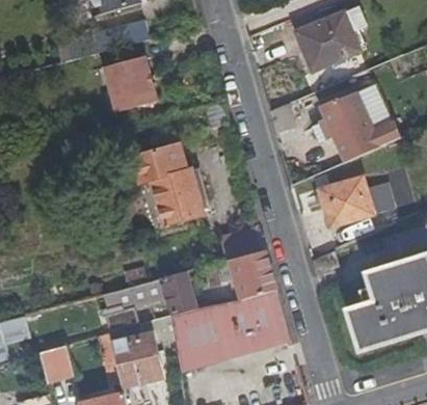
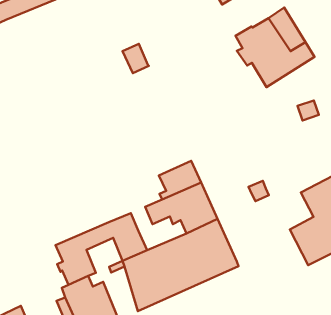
building: [102,55,155,111] -> none
building: [131,144,211,225] -> none
building: [318,173,376,226] -> none

